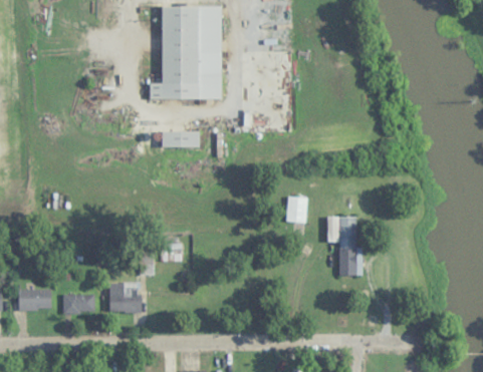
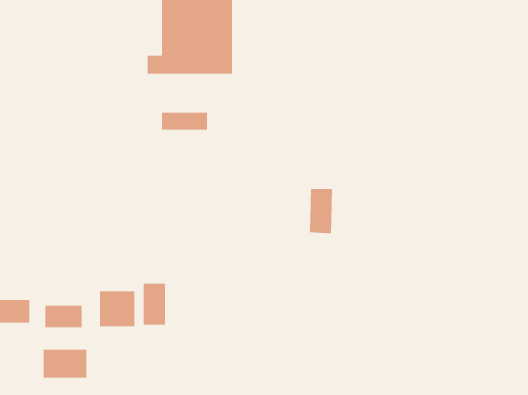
building: [329,217,357,276] -> none
building: none -> [143,283,165,326]
building: none -> [43,349,87,379]

